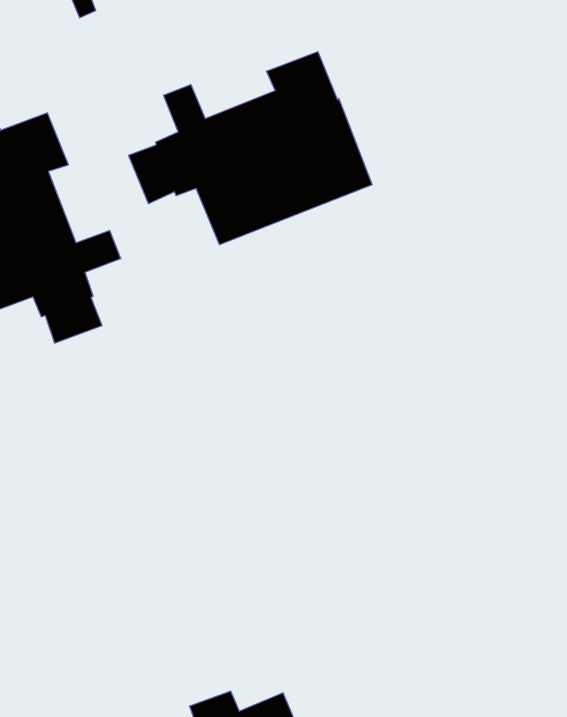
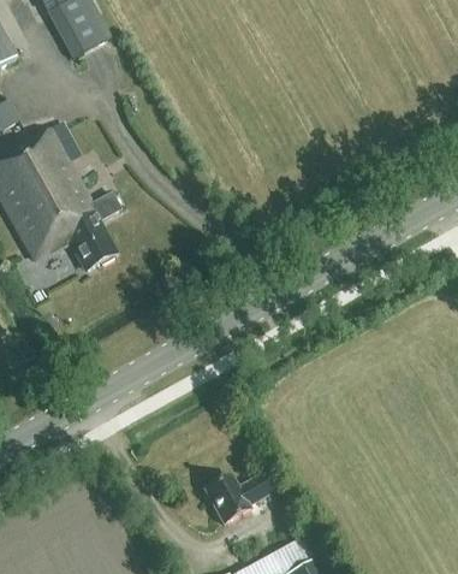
building: [128,52,372,245] -> none

